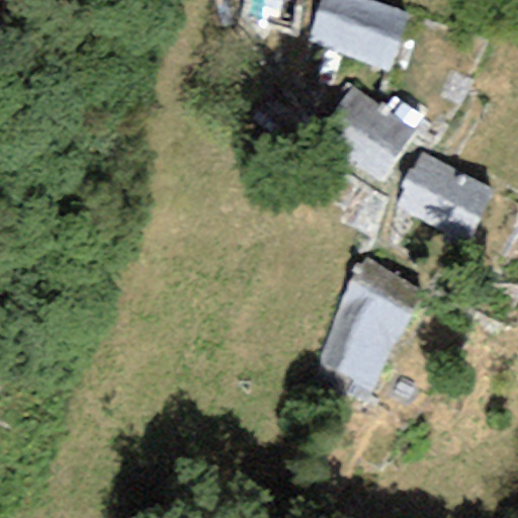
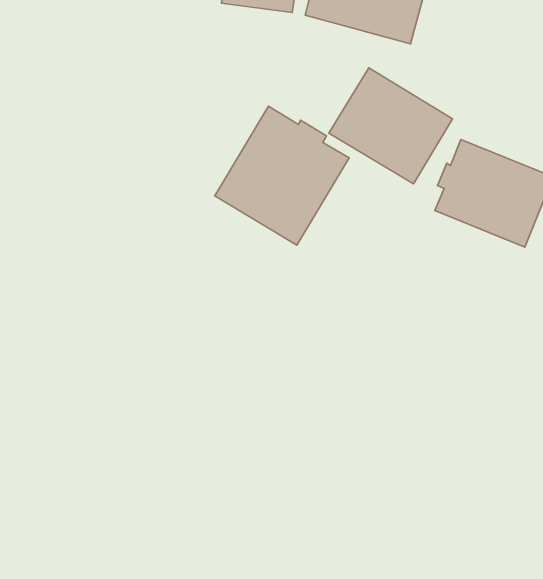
building: none -> [215,106,349,245]
building: [318,257,424,388] -> none

